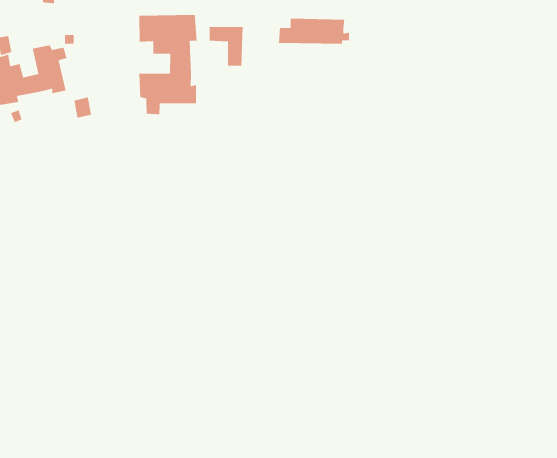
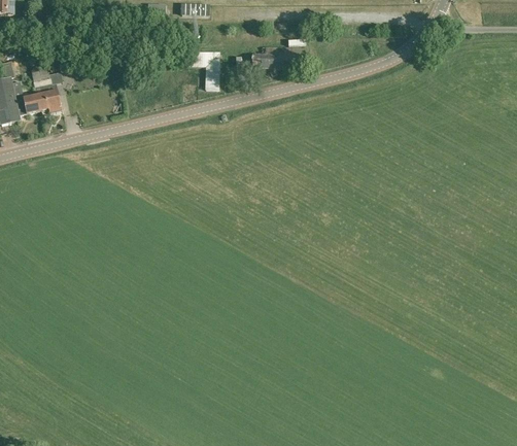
building: [138,14,197,115] -> none

